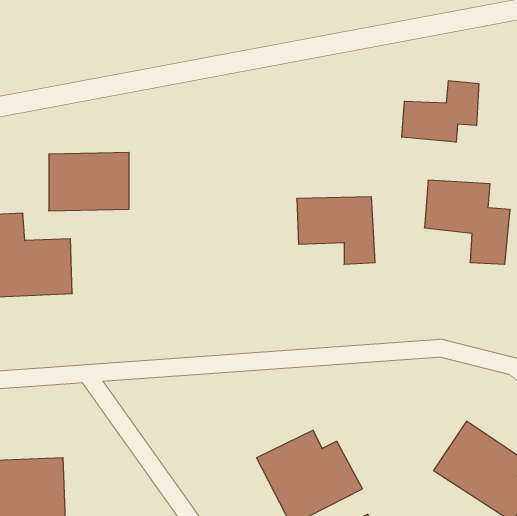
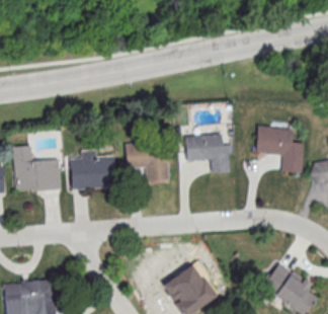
building: [402,81,479,142] -> none
building: [49,152,129,211] -> [70,156,114,188]
building: none -> [126,144,169,181]

